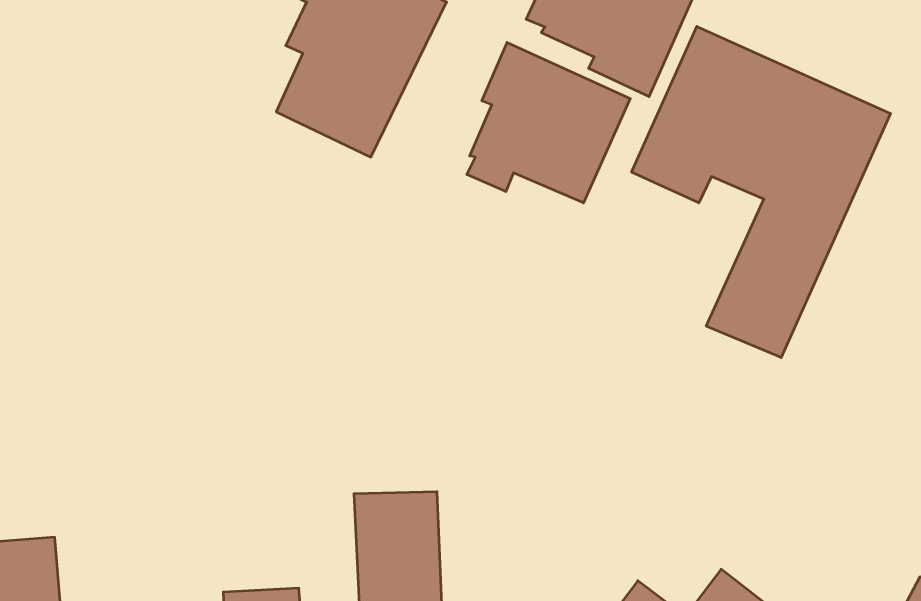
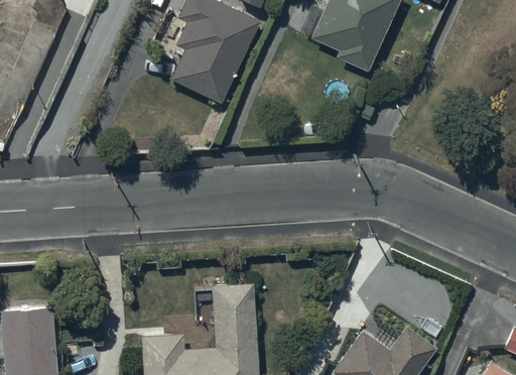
building: [632,26,891,358] -> none
building: [467,42,630,203] -> none

